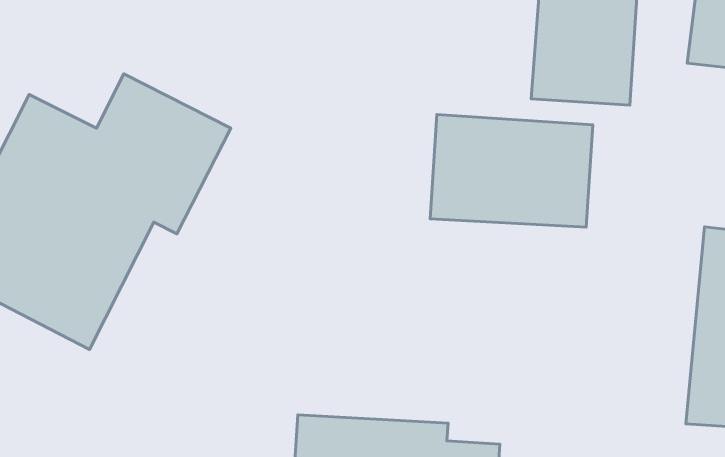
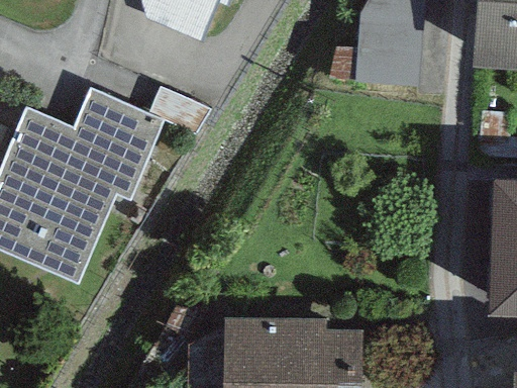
building: [430,115,593,227] -> none

